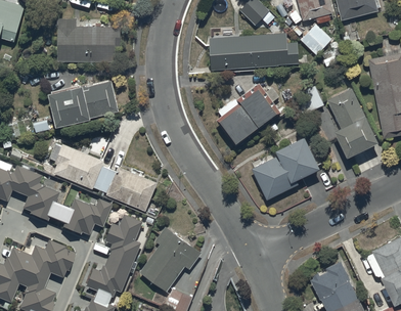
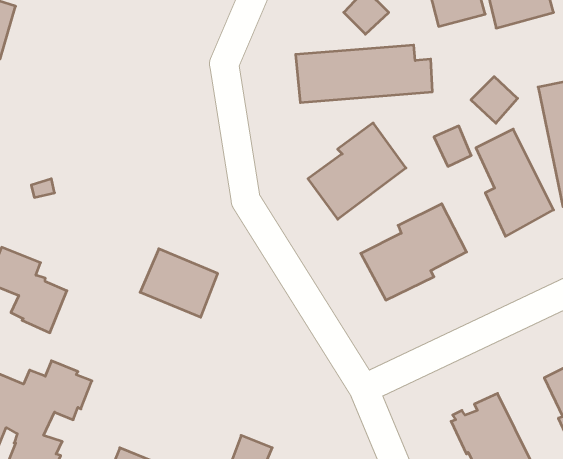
building: [57,17,120,61] -> none
building: [300,25,330,55] -> [471,77,518,123]
building: [48,80,119,126] -> none
building: [53,143,103,189] -> none
building: [60,198,110,235] -> none
building: [86,214,142,297] -> none
building: [139,227,202,292] -> none

